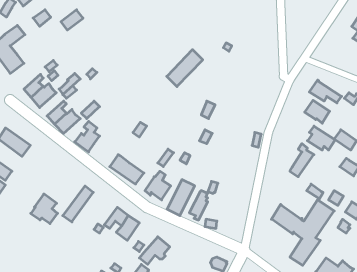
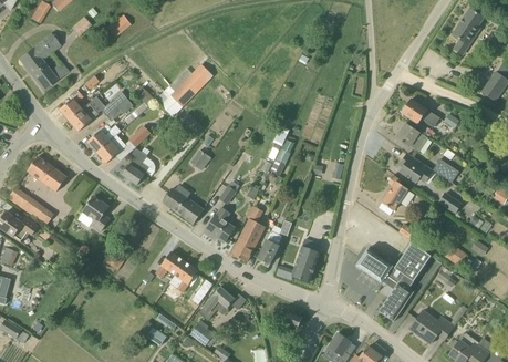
building: [167,50,203,87] -> [170,63,214,107]
building: [31,194,58,224] -> [79,196,111,231]
building: none -> [292,239,321,282]

